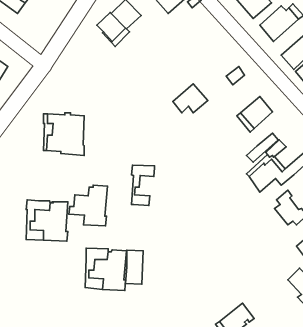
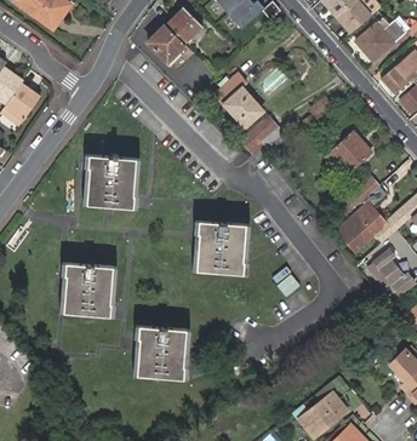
building: none -> [217,75,265,131]
building: [69,185,108,226] -> [198,220,246,271]
building: [125,250,143,284] -> none

